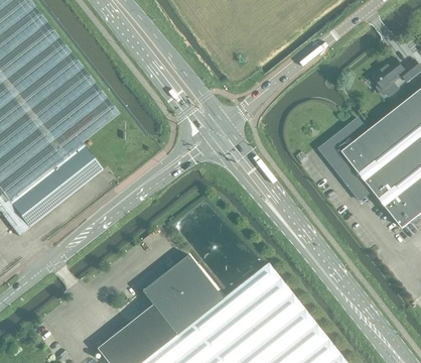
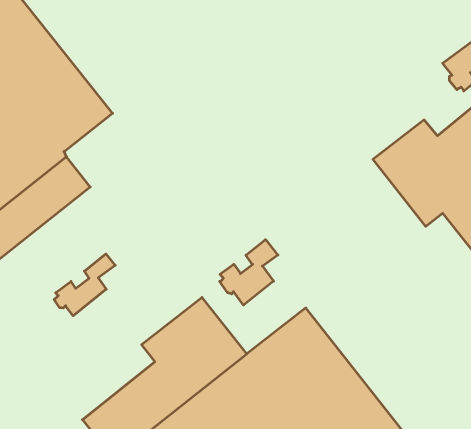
building: none -> [220,240,278,305]
building: none -> [54,254,115,316]

